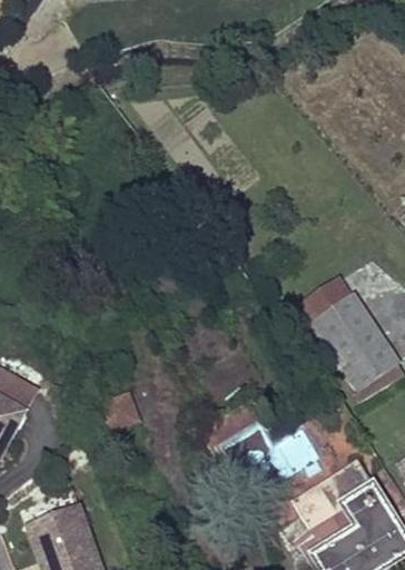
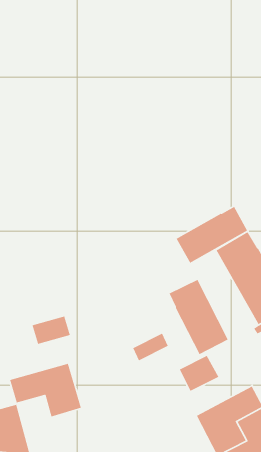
building: none -> [176,206,248,264]
building: none -> [169,279,229,355]
building: none -> [9,363,82,418]

